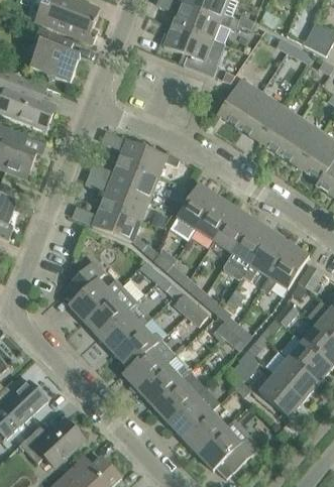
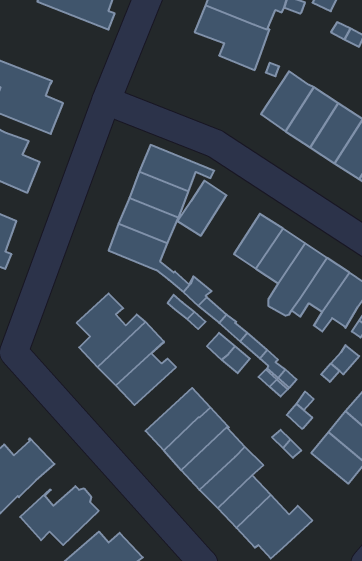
building: [29,27,80,83] -> none
building: [176,182,216,228] -> [177,181,227,236]
building: [113,327,160,373] -> none

